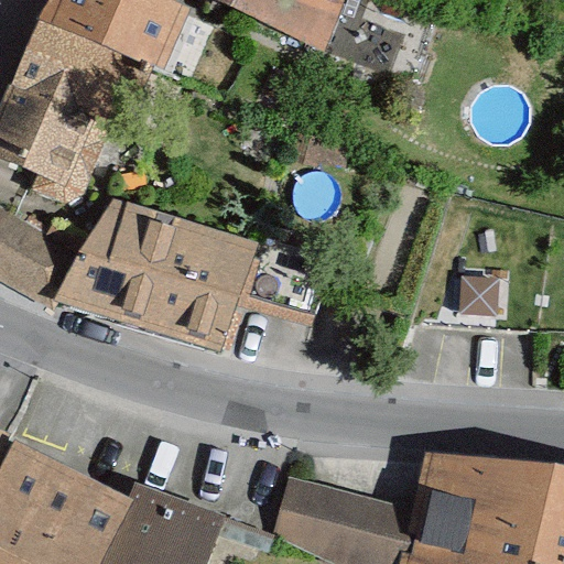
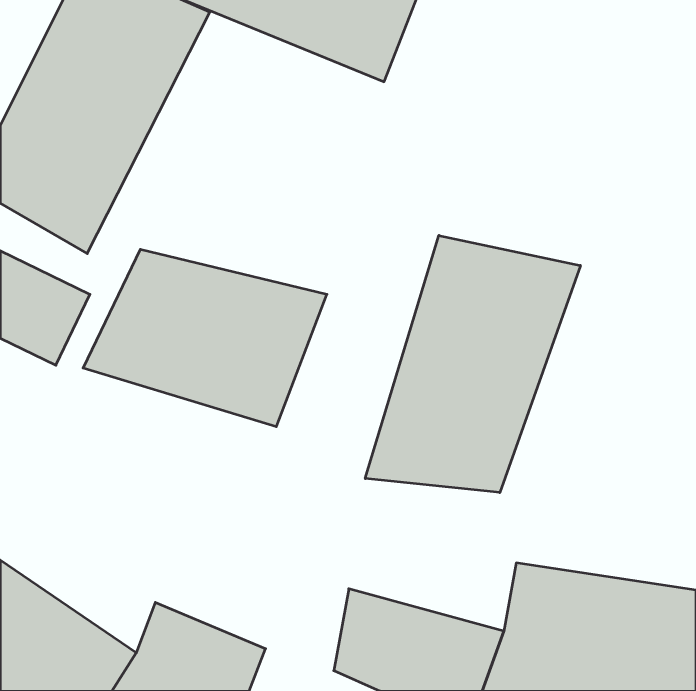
building: none -> [365,235,580,493]

